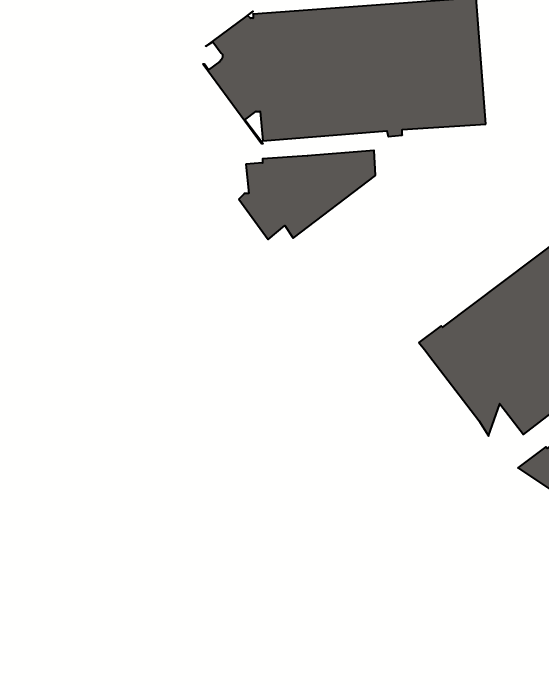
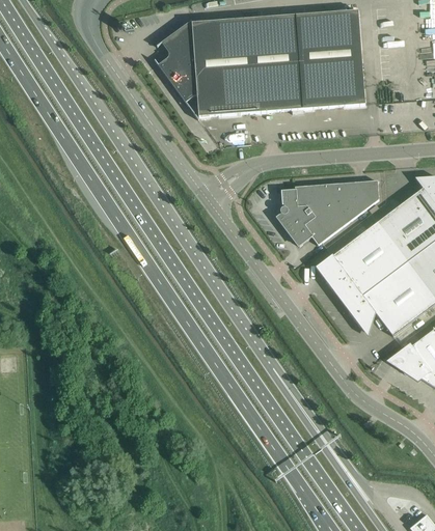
building: [239,150,375,239] -> [277,179,379,246]

